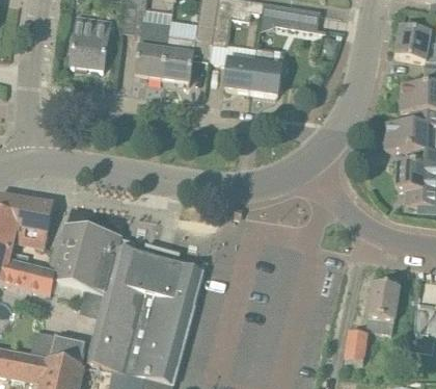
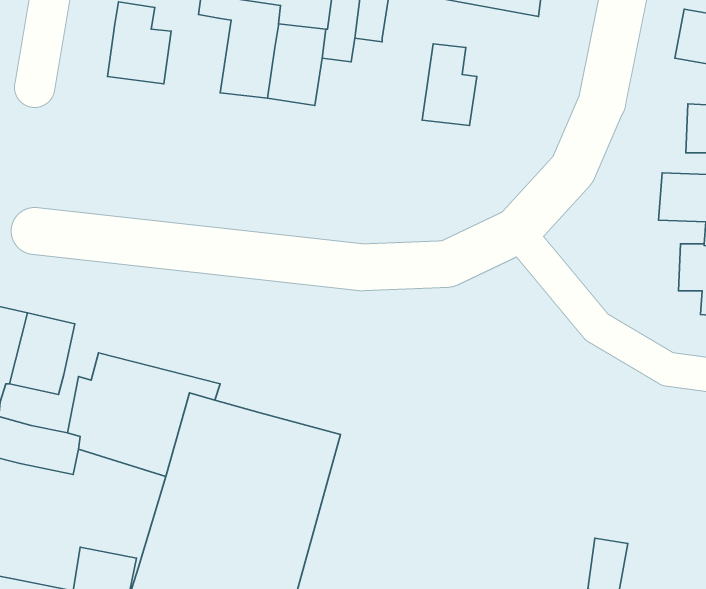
building: [223,57,254,90] -> none
building: [366,283,399,333] -> none

